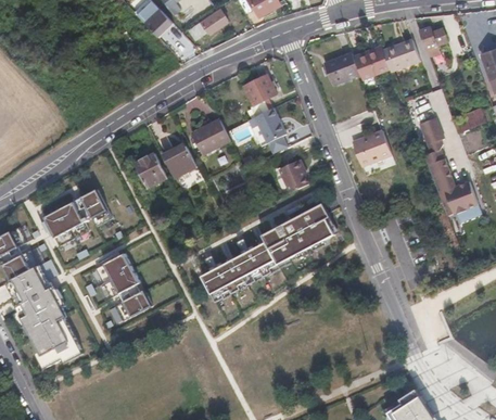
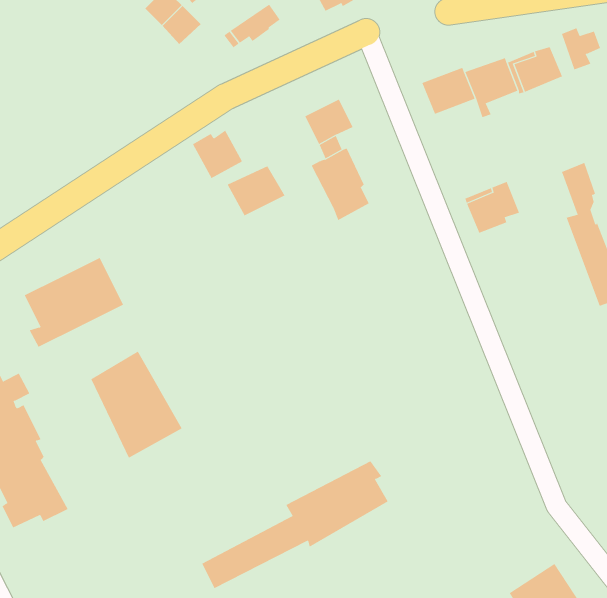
building: [162,144,196,178] -> [192,130,243,179]
building: [133,152,166,188] -> none
building: [279,158,309,192] -> none
building: [203,206,331,294] -> [201,460,388,589]

